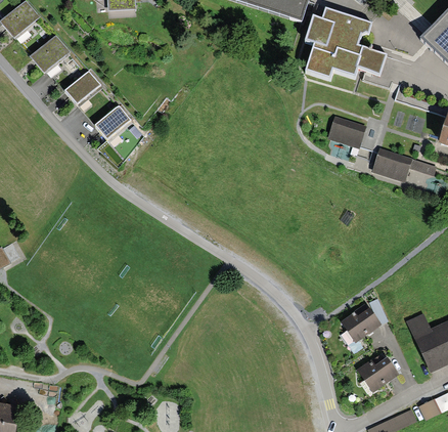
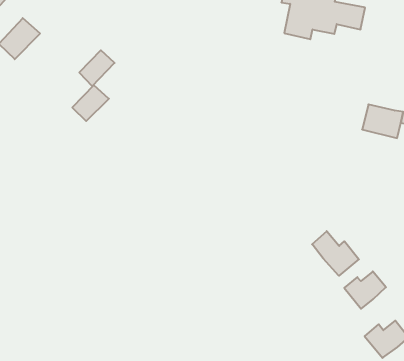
building: [65,70,100,103] -> [79,50,115,86]
building: [327,114,366,146] -> none
building: none -> [312,231,359,276]

